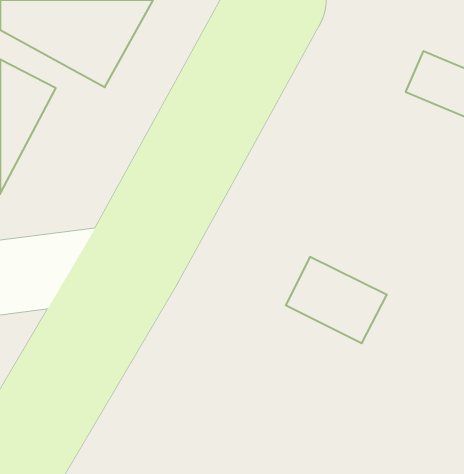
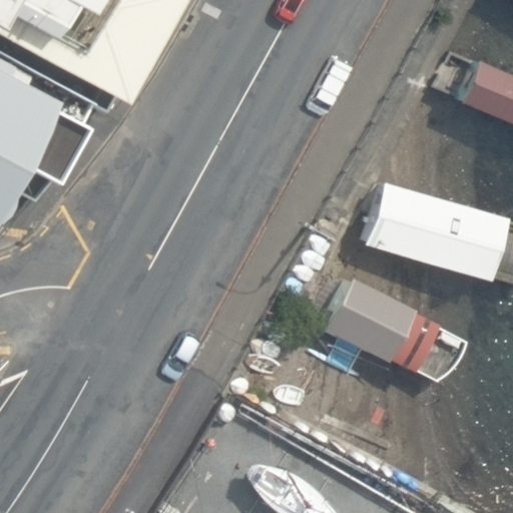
building: none -> [366,179,503,279]

